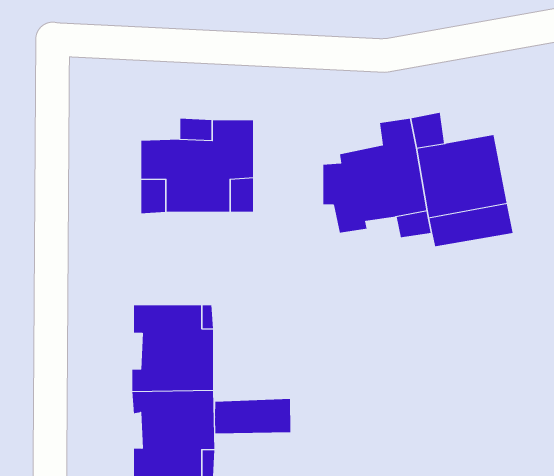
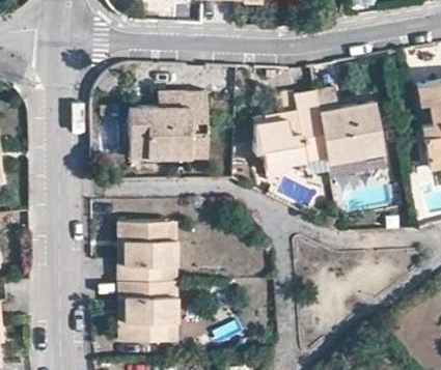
building: [215,398,291,434] -> none

